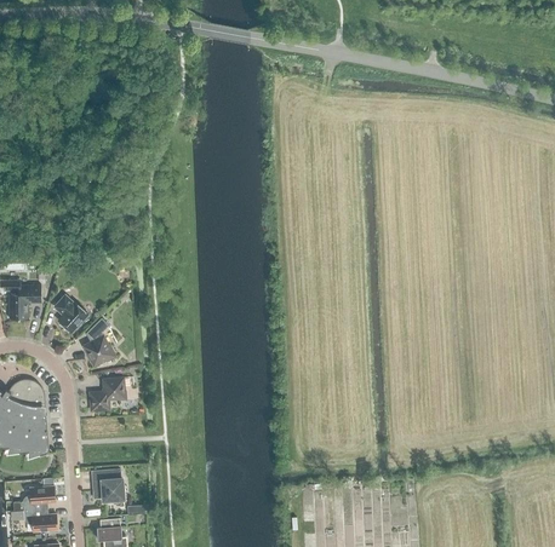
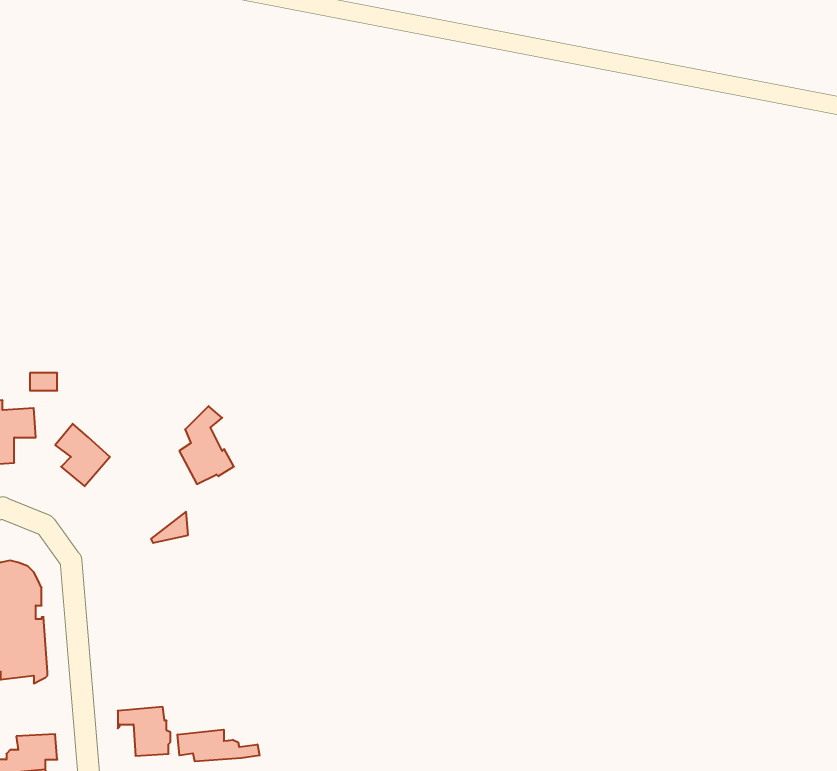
building: [82,318,116,367] -> [179,406,234,484]
building: [90,378,127,410] -> none
building: none -> [178,730,260,761]

